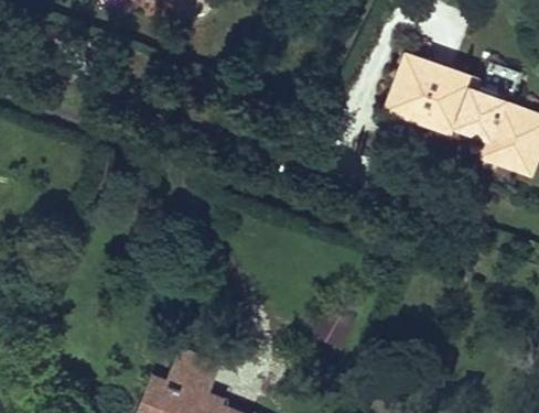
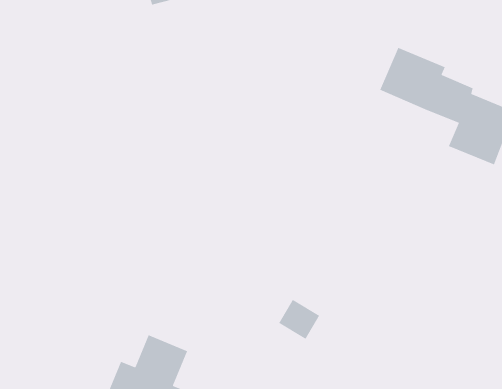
building: [387,55,455,135] -> none

